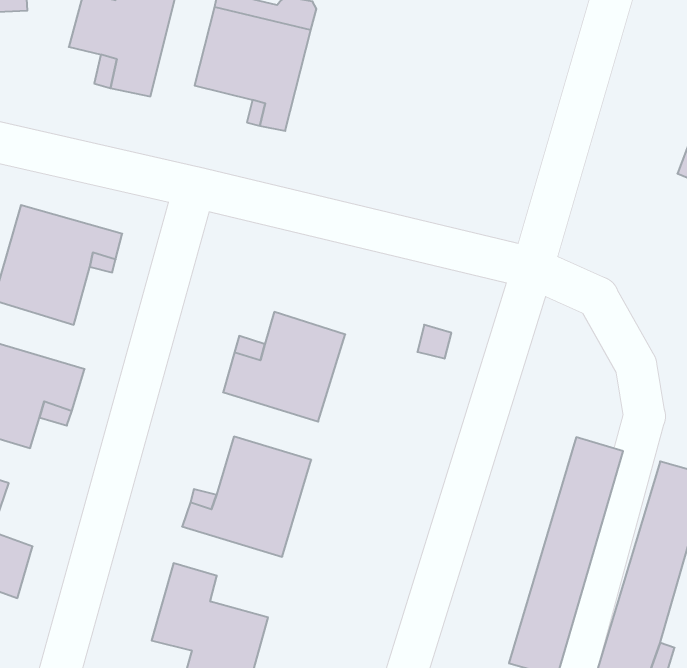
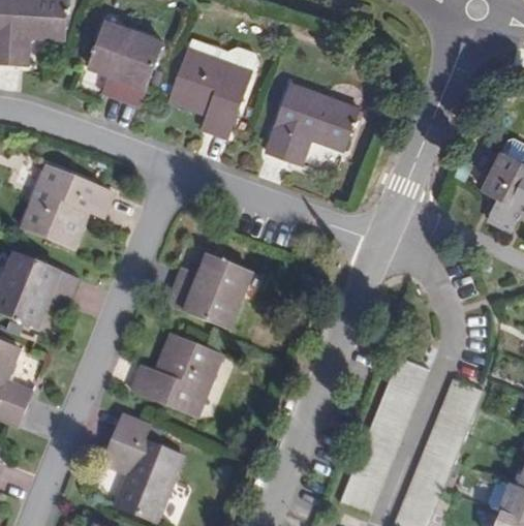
building: none -> [267,83,366,163]

